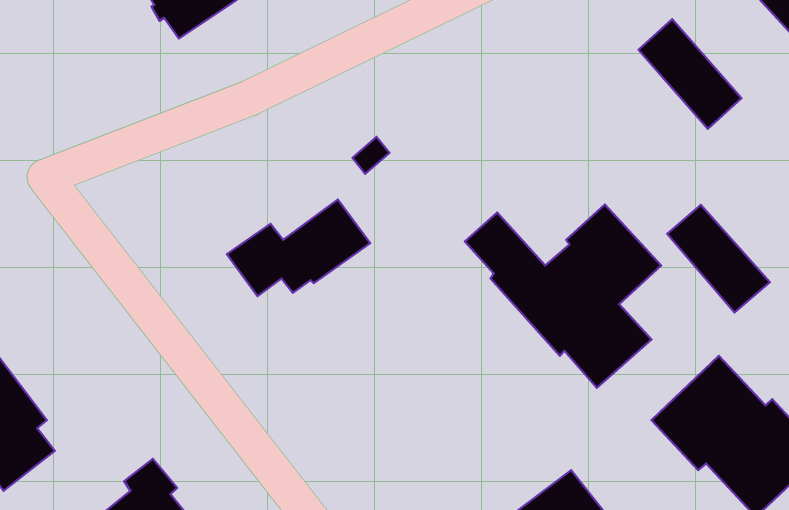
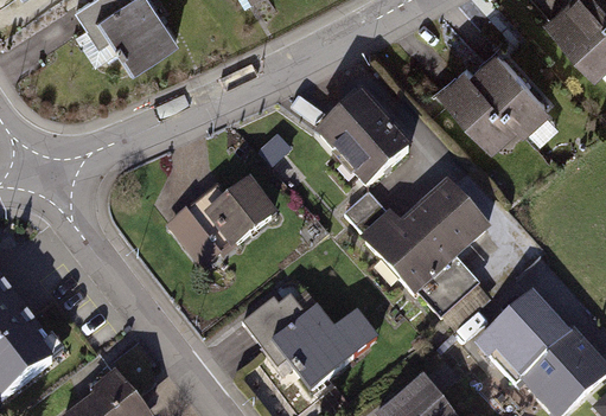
building: none -> [320,96,409,185]
building: [667,205,770,313] -> [441,64,517,143]
building: none -> [243,292,377,385]

